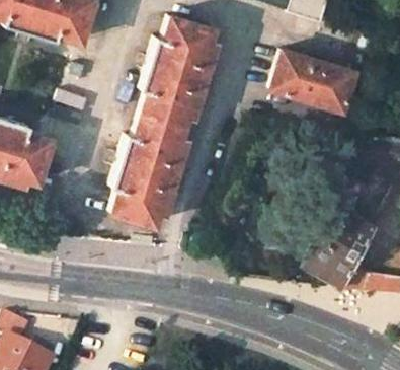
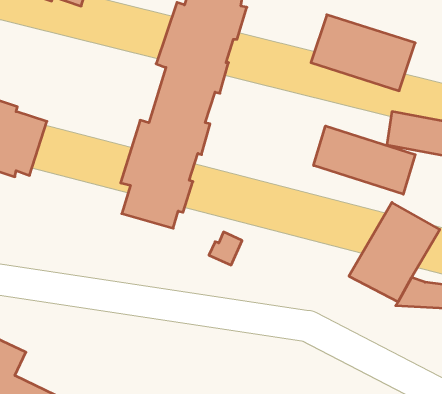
building: none -> [314,126,415,194]

